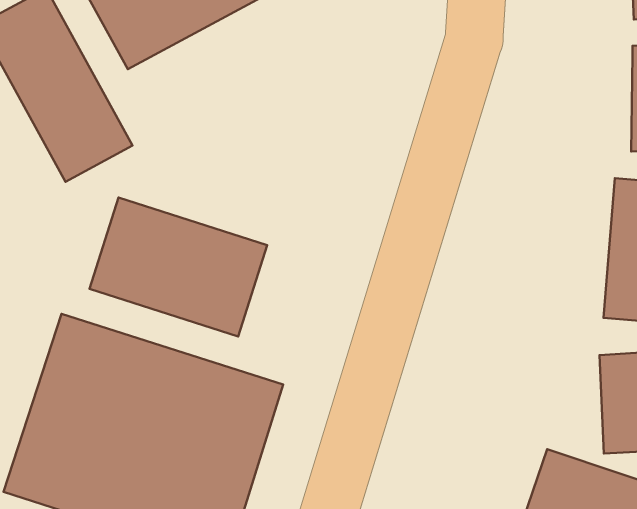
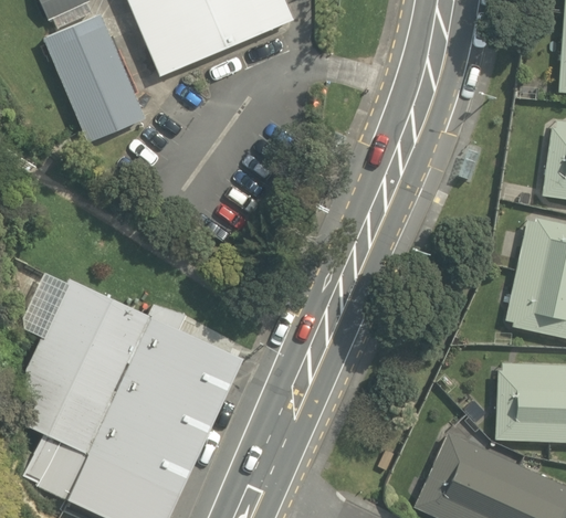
building: [90,197,267,336] -> none

